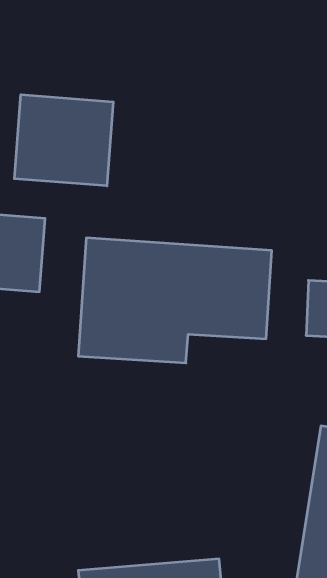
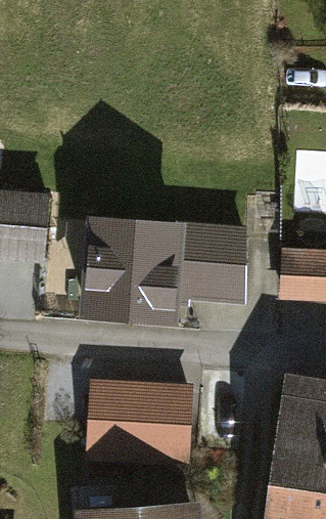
building: [14,95,113,186] -> none
building: none -> [87,380,194,468]

